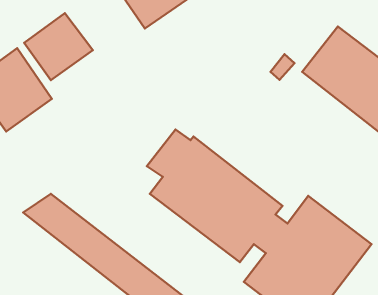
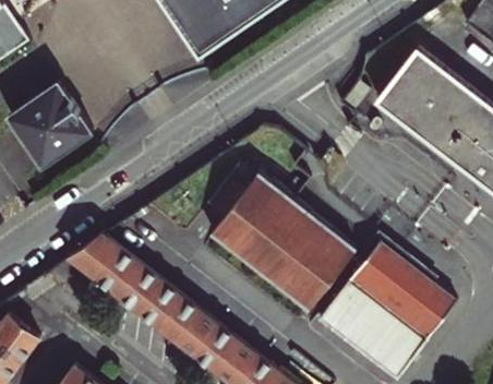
building: [24,13,93,80] -> none

